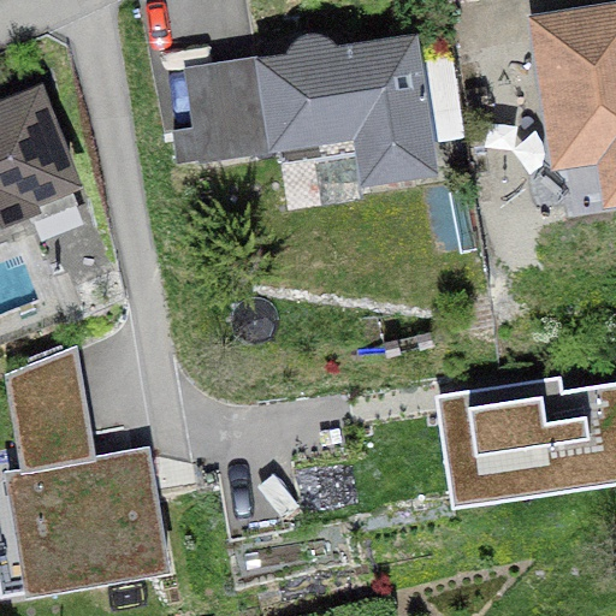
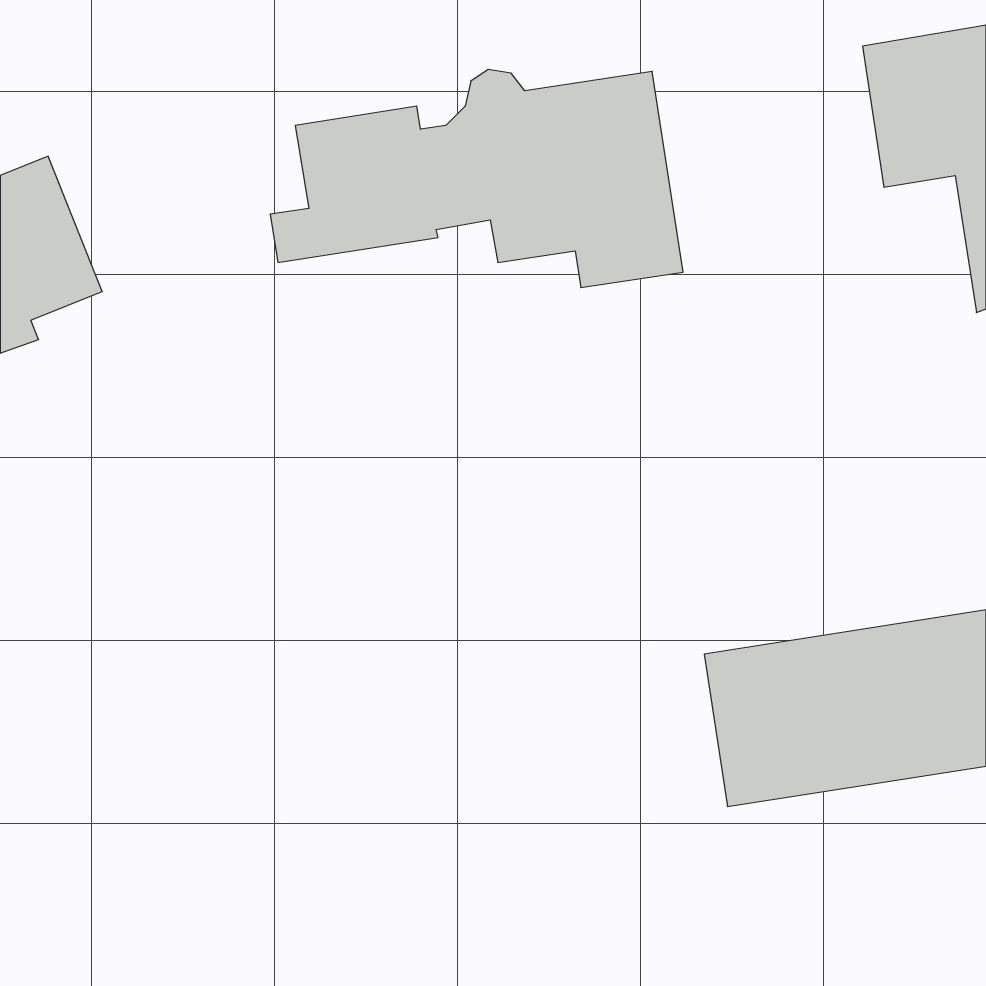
building: [7,345,174,596] -> none

